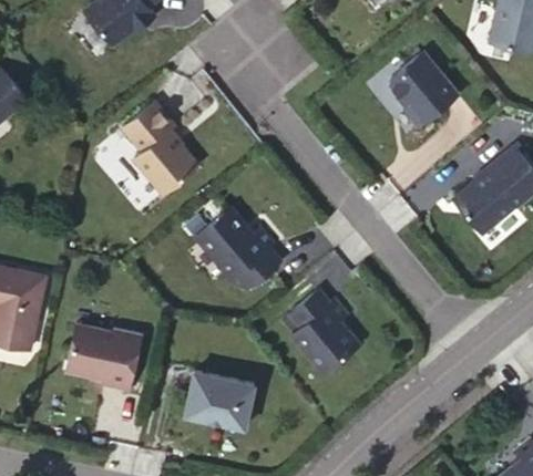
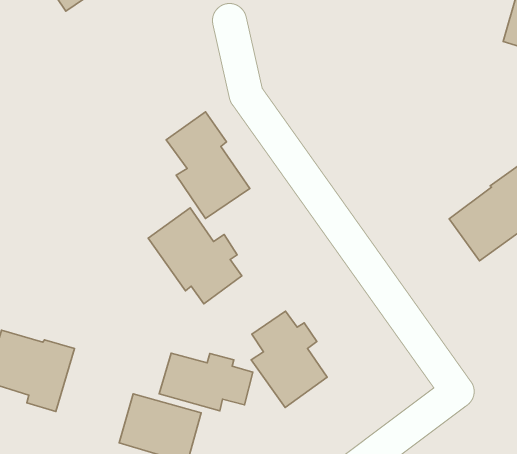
building: [391,52,458,126] -> none
building: [122,101,197,193] -> [166,112,250,219]
building: none -> [159,353,253,411]

